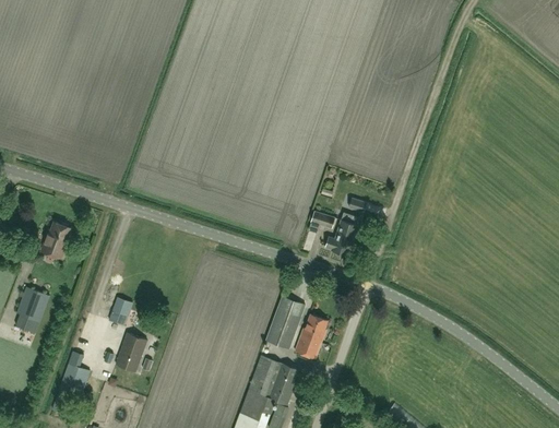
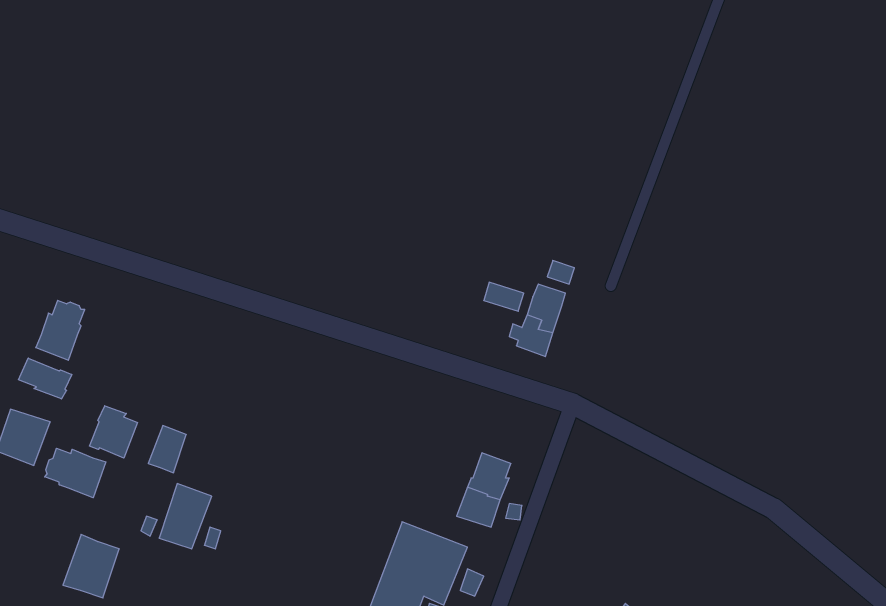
building: none -> [19,358,72,399]
building: none -> [89,406,138,458]
building: [265,297,304,349] -> none
building: none -> [45,448,106,498]

